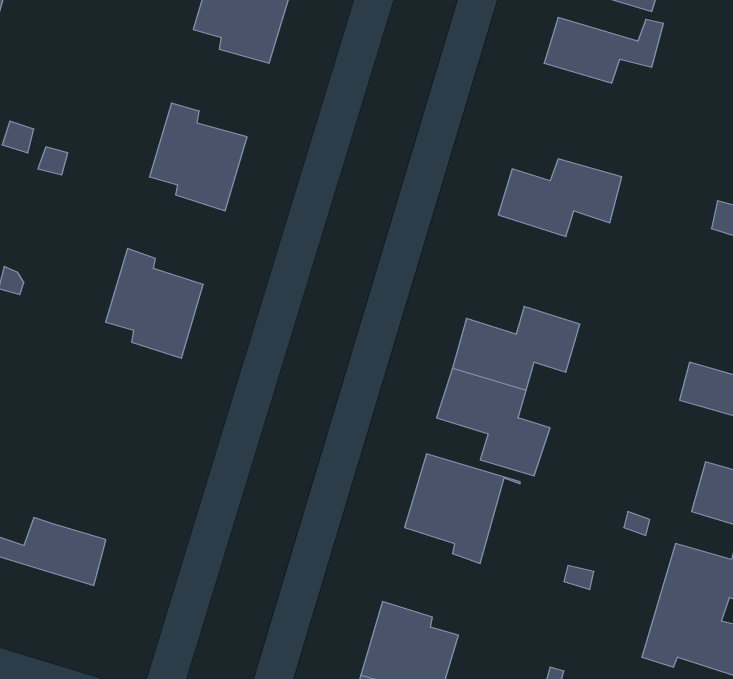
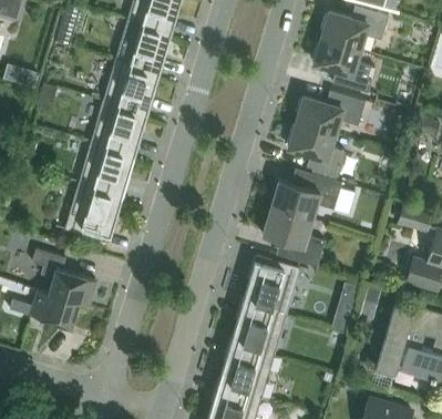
building: none -> [114,19,168,79]
building: none -> [313,38,371,93]
building: none -> [90,101,144,161]
building: none -> [288,122,345,176]
building: none -> [55,182,120,243]
building: none -> [31,249,96,307]
building: none -> [232,296,286,356]

